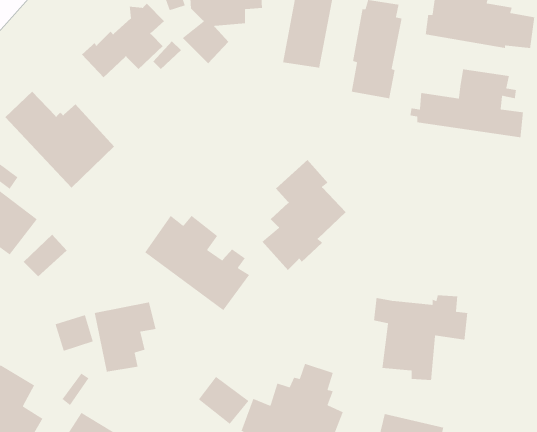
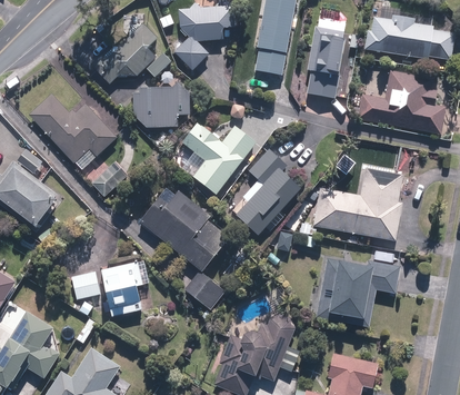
building: none -> [132,81,190,129]
building: none -> [180,122,256,195]
building: none -> [311,168,403,241]
building: [23,234,67,277] -> [92,161,128,196]
building: [198,376,249,425] -> [184,271,226,310]

